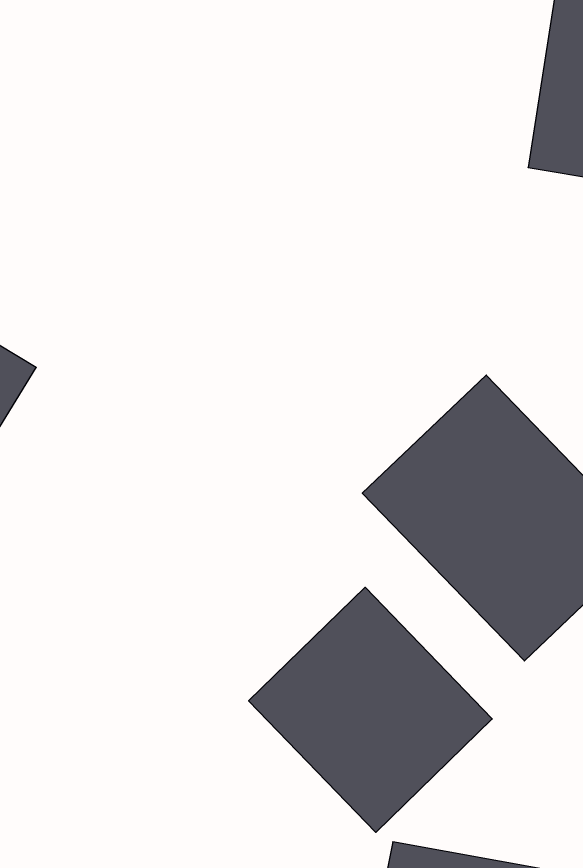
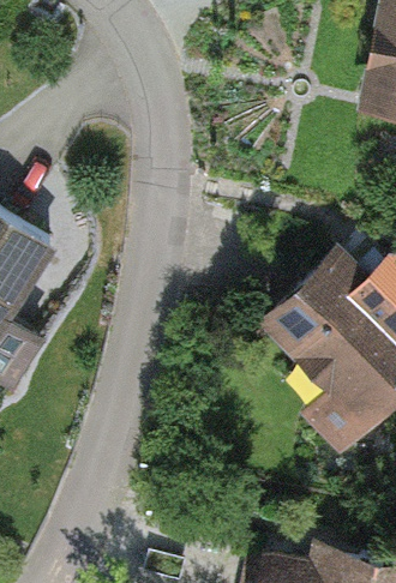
building: [249,587,492,832] -> none

